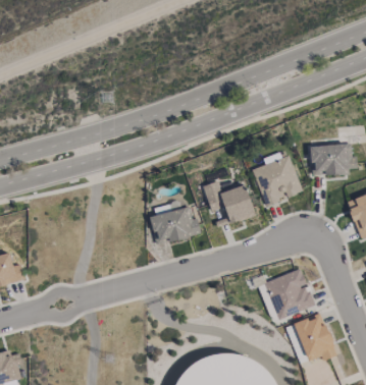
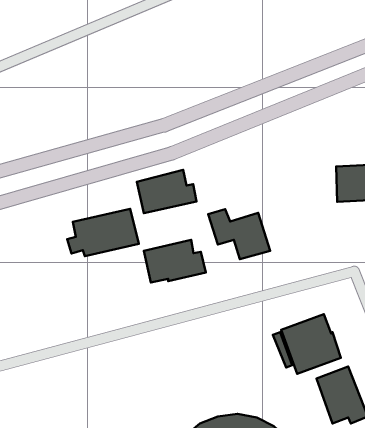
building: none -> [137,170,196,213]
building: [253,156,303,206] -> none
building: none -> [67,209,139,256]

